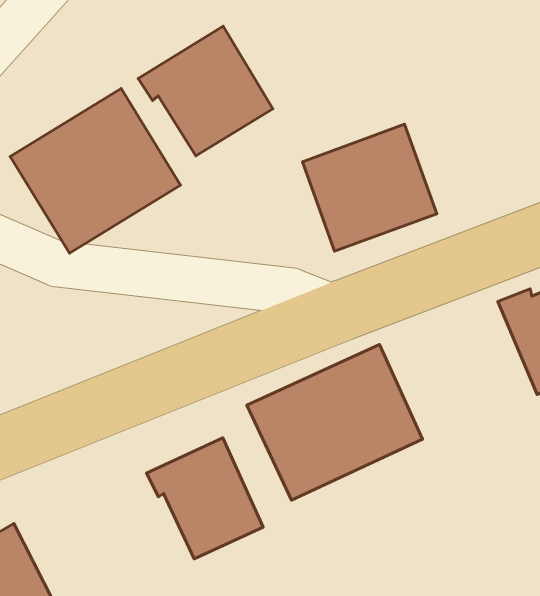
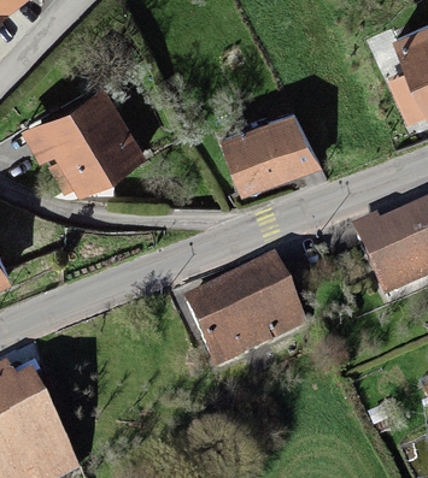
building: [138,26,273,156] -> none
building: [147,438,263,559] -> none

